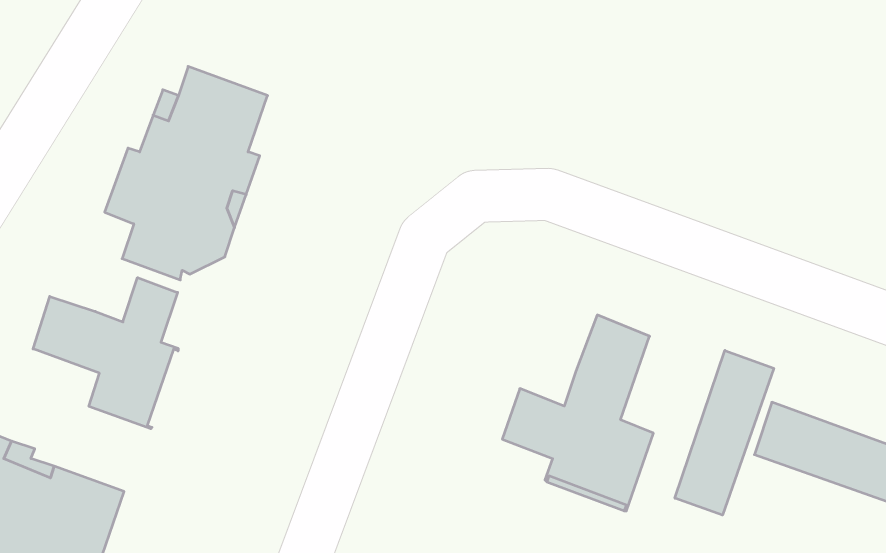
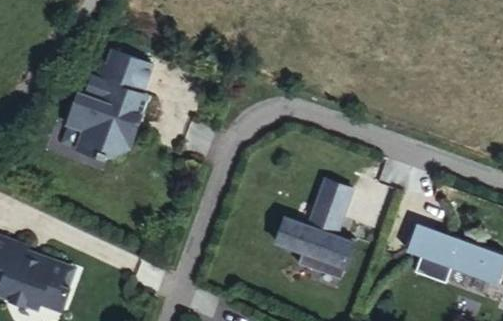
building: [33,278,178,429] -> none
building: [675,350,774,515] -> none

